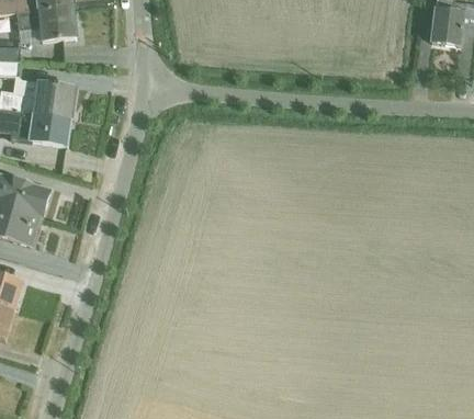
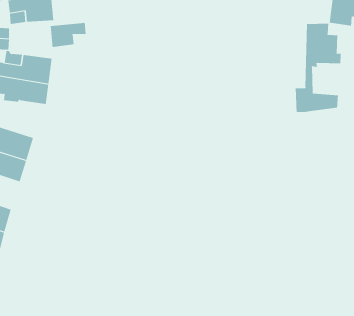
building: none -> [50,22,86,48]
building: none -> [295,23,341,113]

